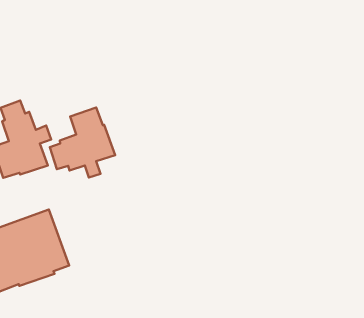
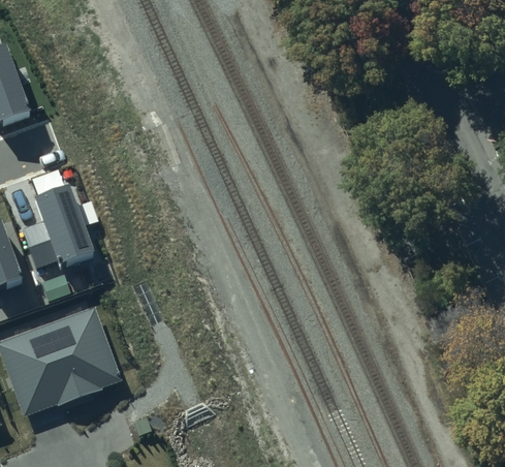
building: [50,108,115,178] -> none

